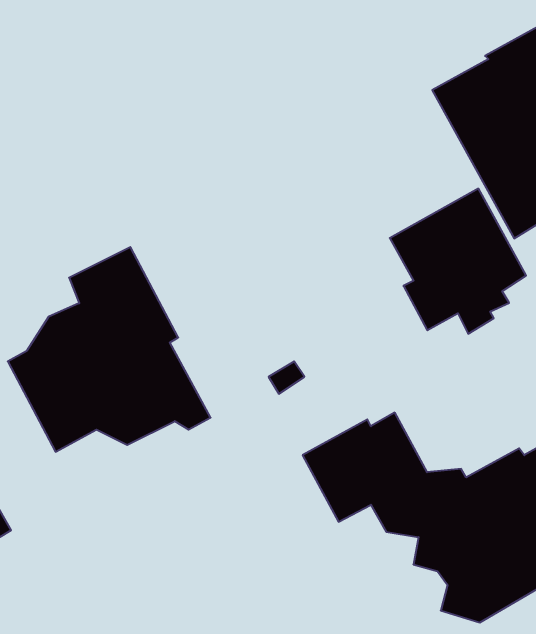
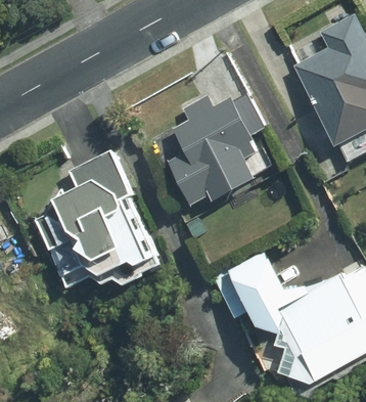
building: [390,189,526,334] -> [176,99,258,186]

